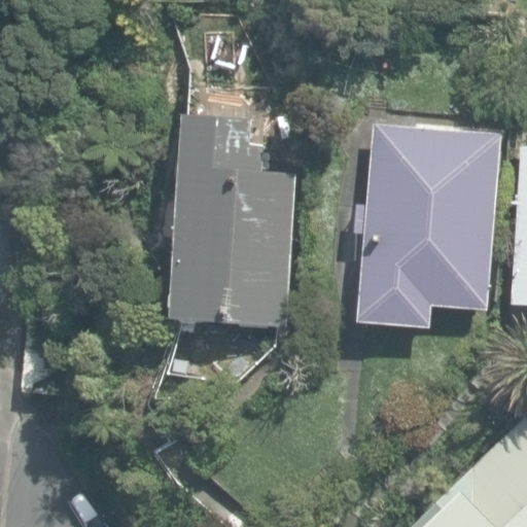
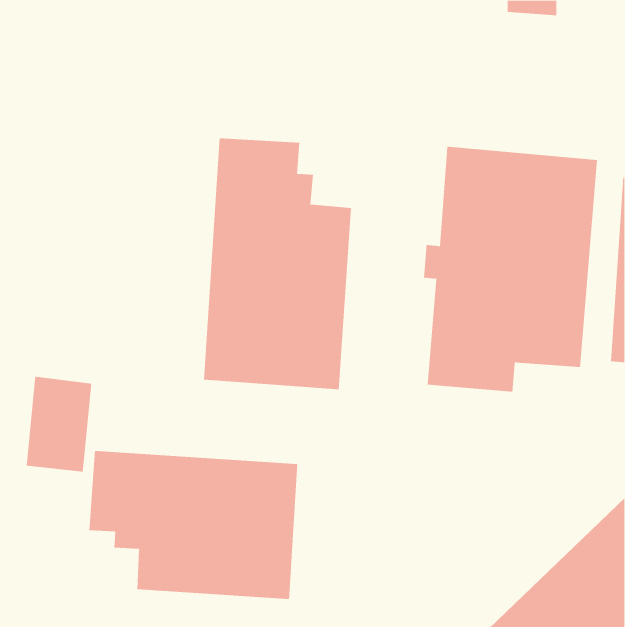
building: none -> [89,450,298,600]

